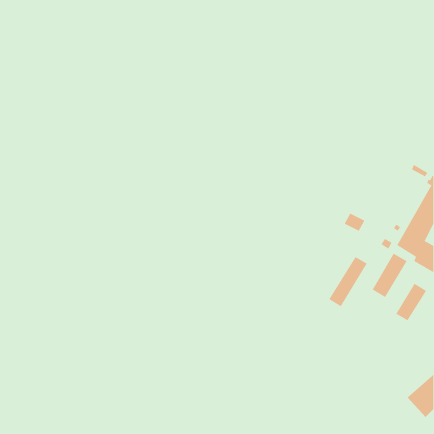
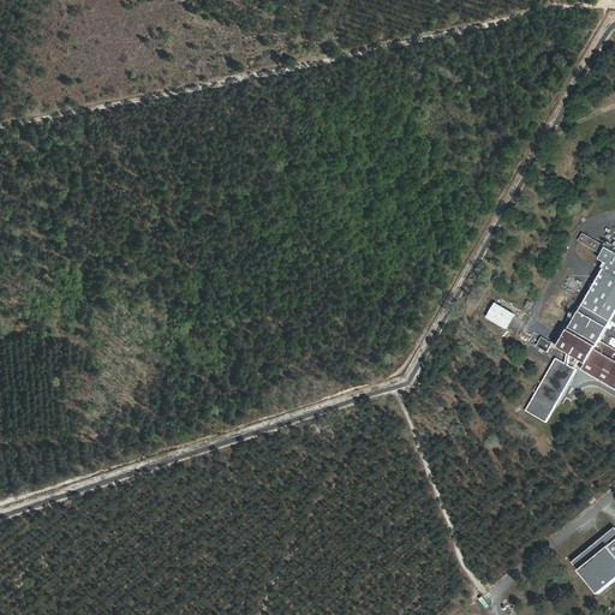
building: [329,256,367,307] -> none
building: [395,283,427,321] -> none

